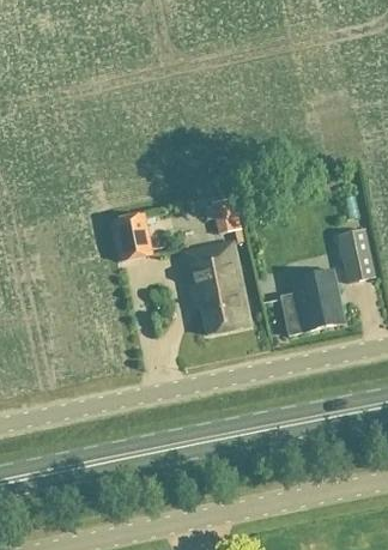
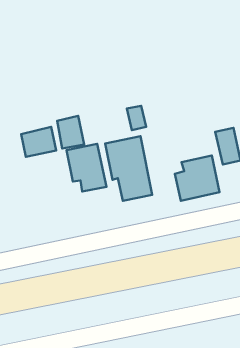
building: none -> [21,127,56,157]
building: none -> [66,144,106,192]

